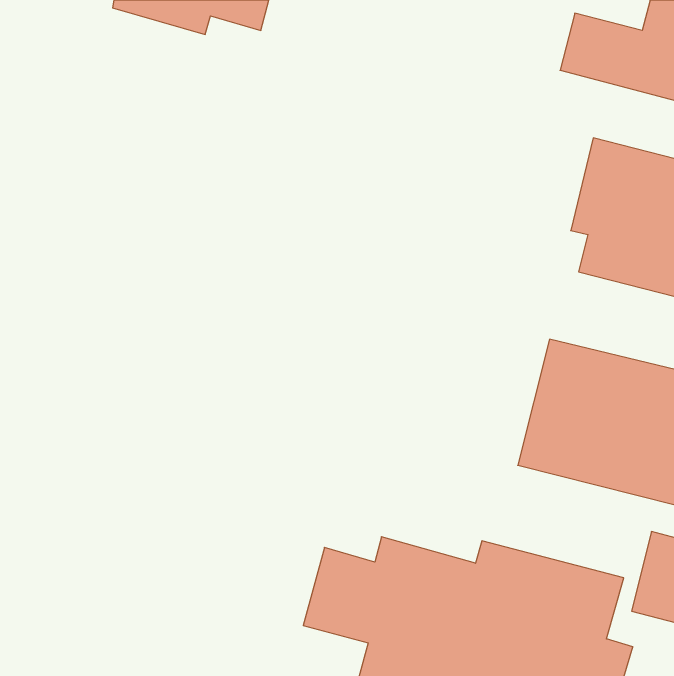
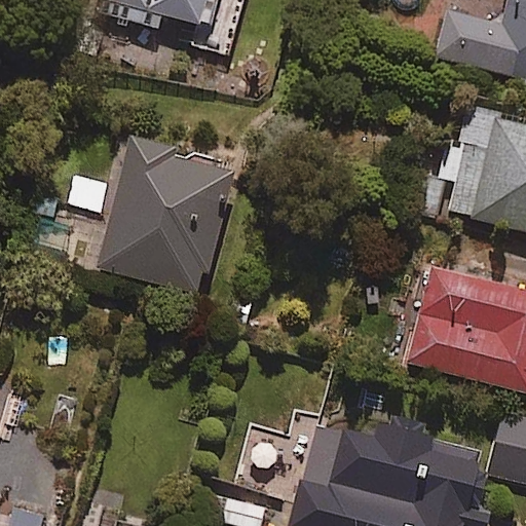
building: none -> [93,135,237,296]

